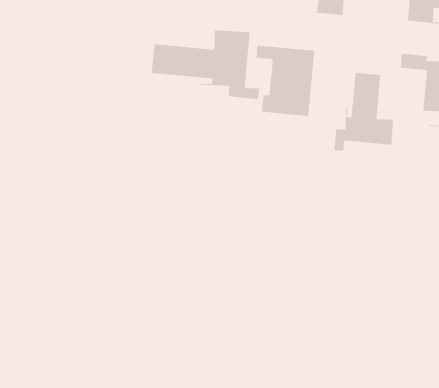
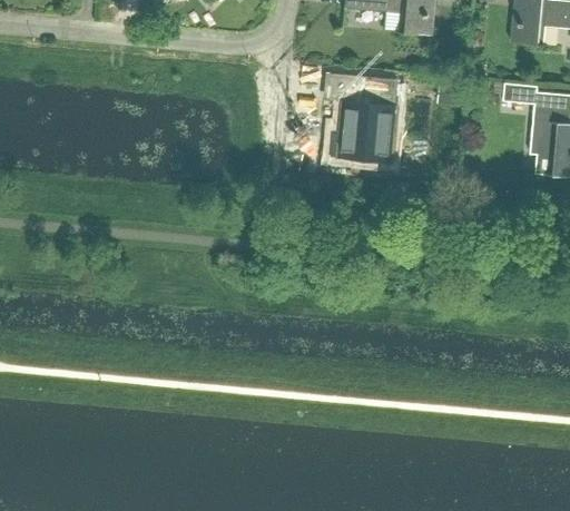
building: [151,29,259,100] -> none
building: [334,72,394,152] -> none

